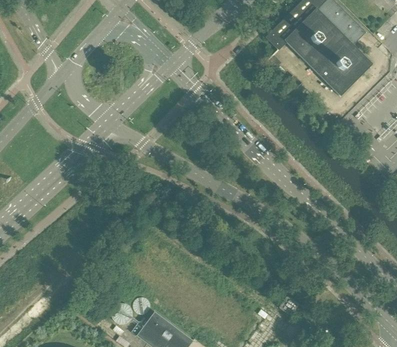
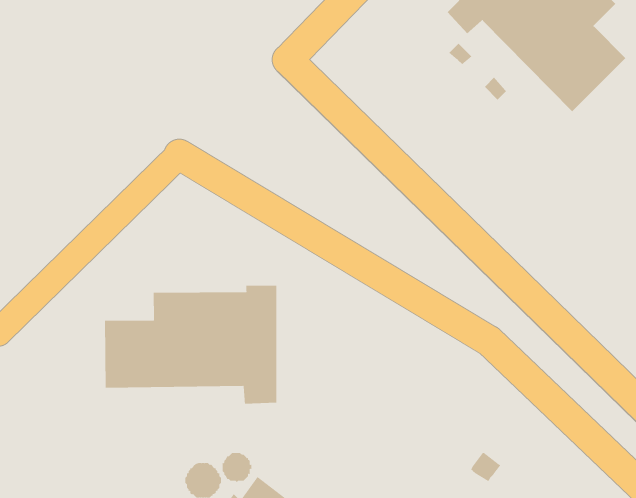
building: none -> [104,285,277,405]

